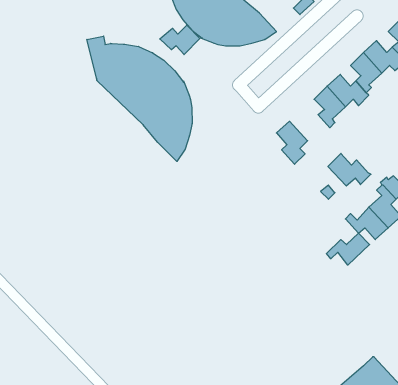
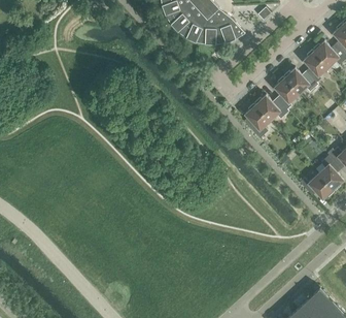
building: [160,25,200,55] -> none
building: [87,36,192,161] -> none
building: [328,153,371,186] -> [254,94,288,120]
building: [326,233,370,265] -> none

